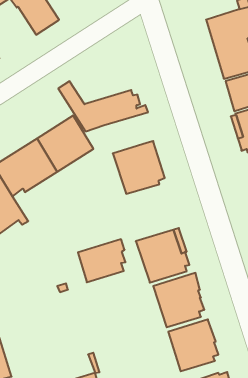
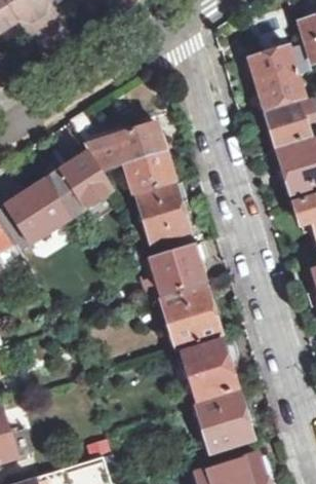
building: none -> [123,148,176,193]
building: [78,239,126,282] -> [150,244,205,294]

